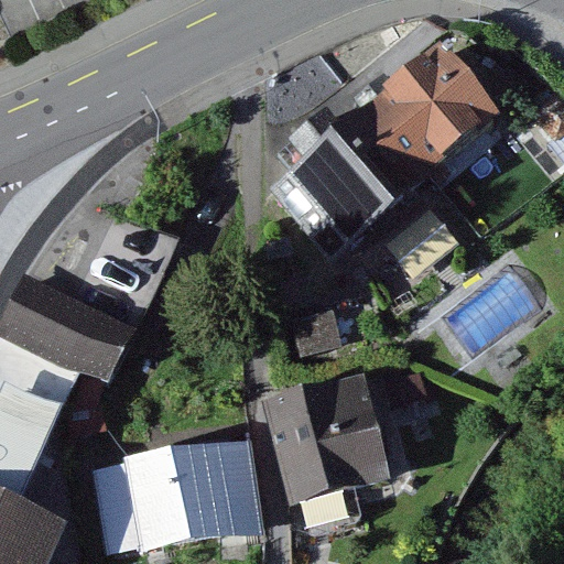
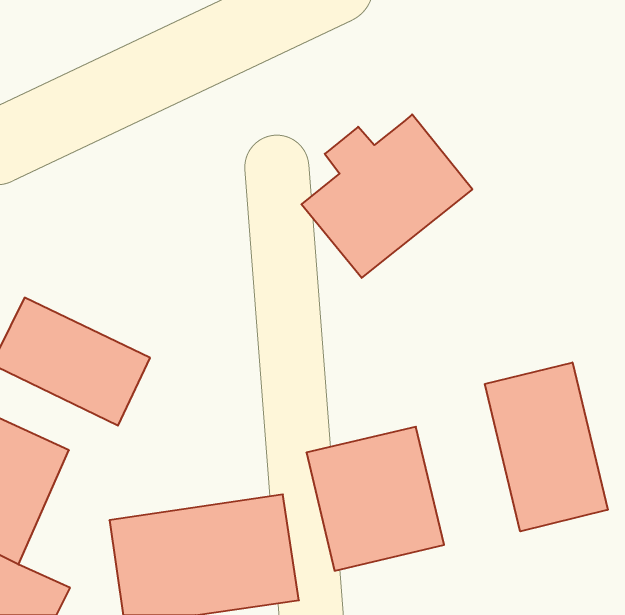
building: [352,48,490,170] -> none
building: none -> [485,362,608,531]

